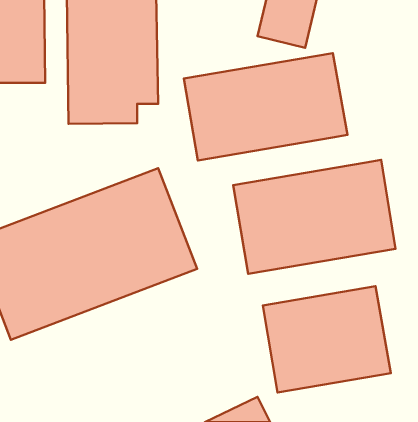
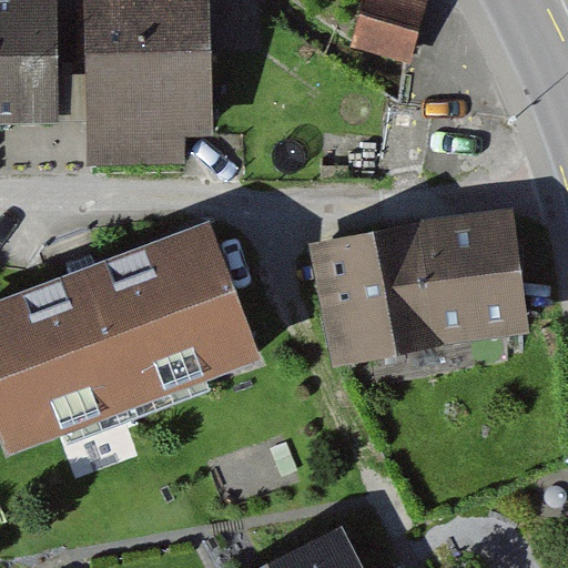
building: [184,53,348,160] -> none
building: [263,286,391,393] -> none

